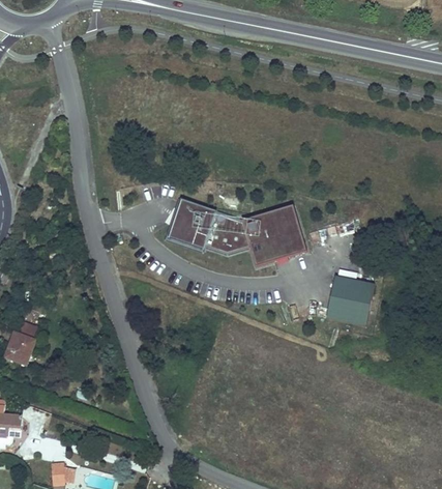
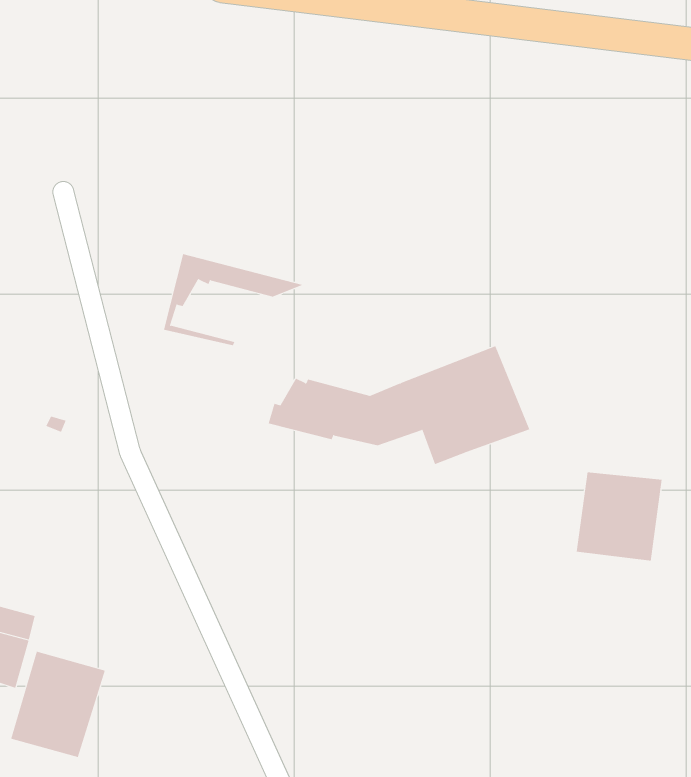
building: [166,200,241,251] -> [163,253,303,346]
building: none -> [11,651,105,758]

